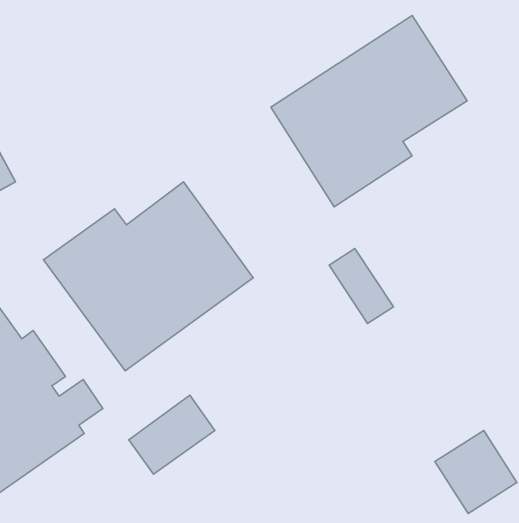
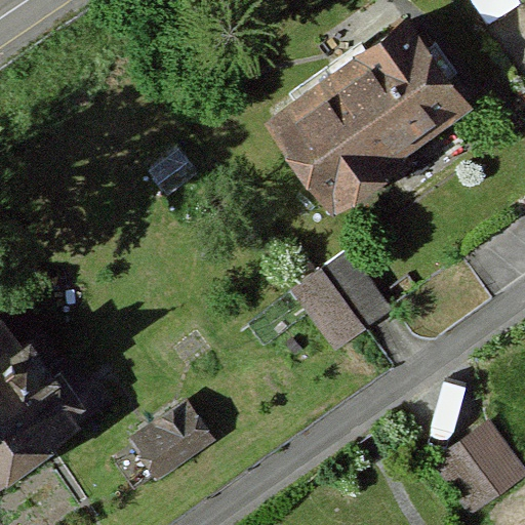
building: [44,182,253,371] -> none

